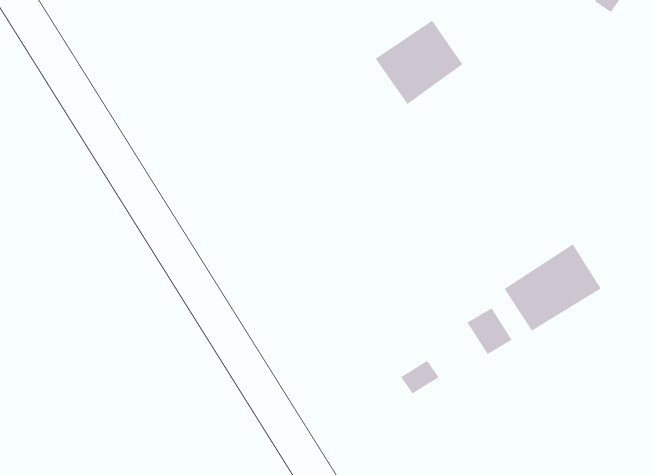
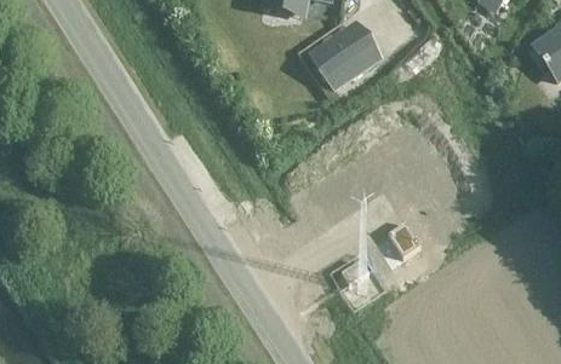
building: [504,243,601,332] -> none

